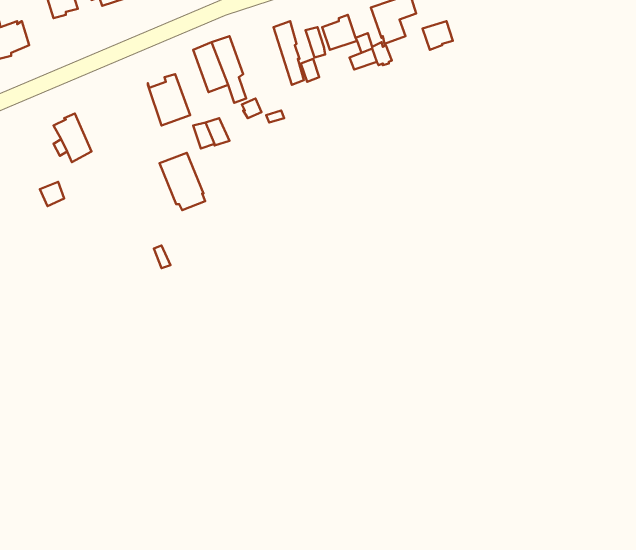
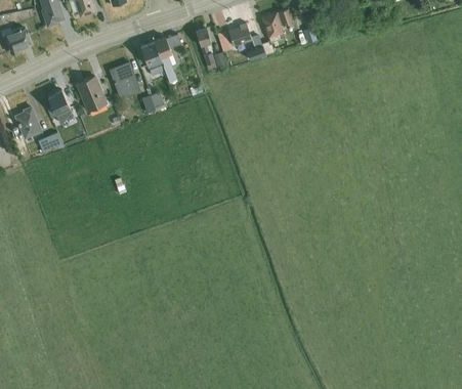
building: none -> [15,106,42,138]
building: [160,153,205,210] -> [77,76,108,115]

